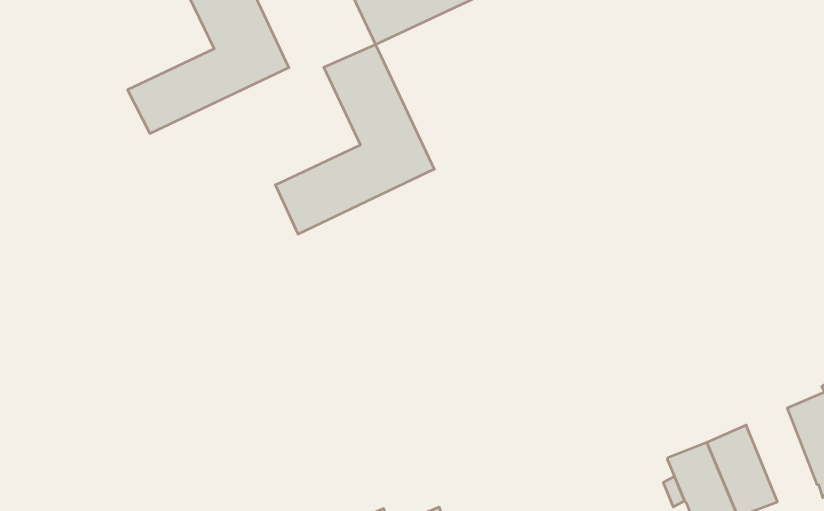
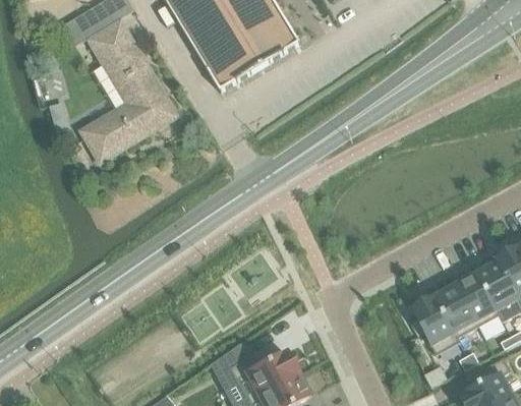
building: [275,44,434,234] -> none
building: none -> [454,272,498,326]

